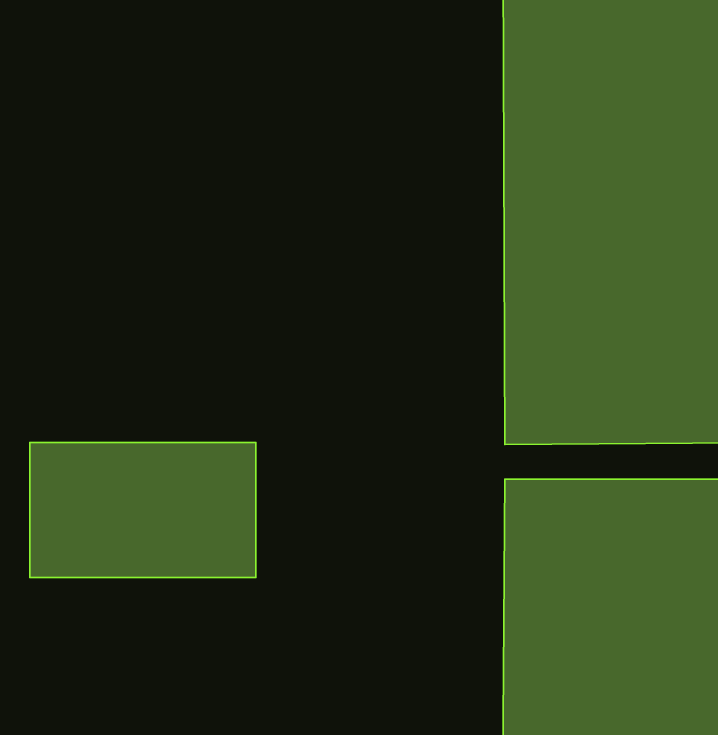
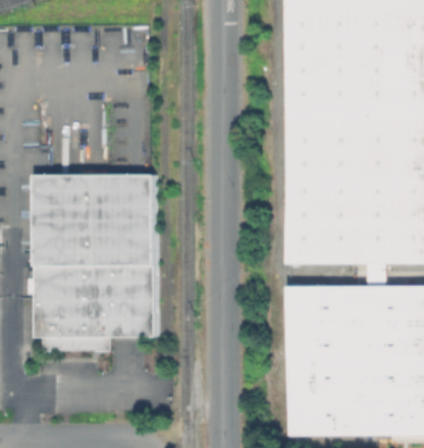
building: none -> [35,175,154,265]
building: none -> [42,337,109,351]

